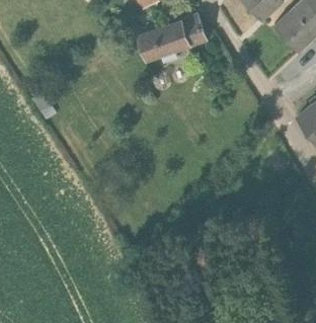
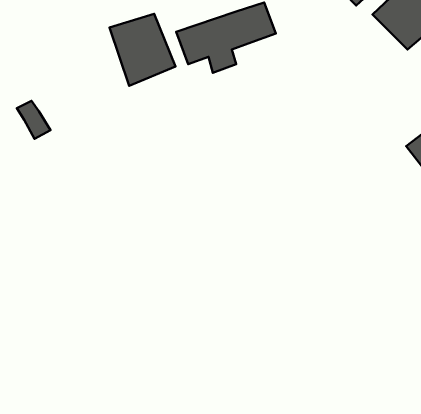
building: none -> [109,14,175,86]

